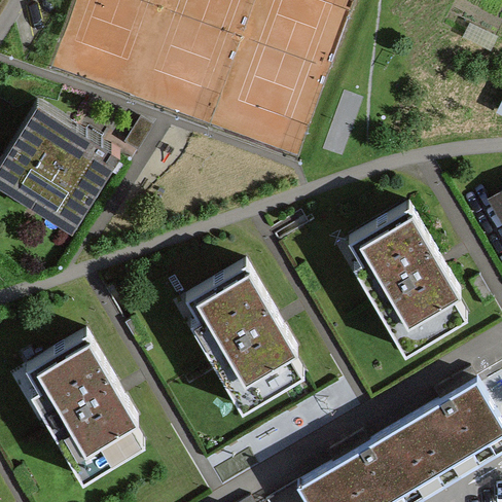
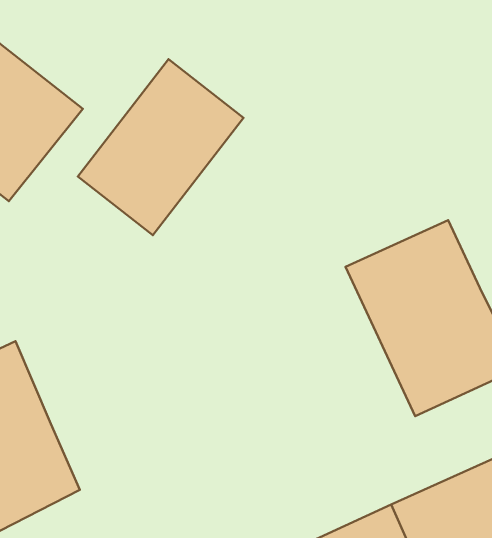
building: none -> [78,59,243,235]
building: [177,265,311,415] -> none

